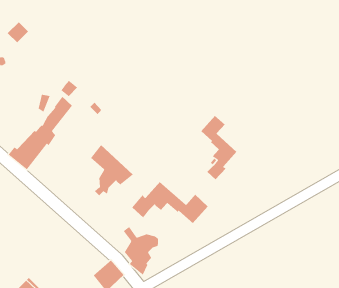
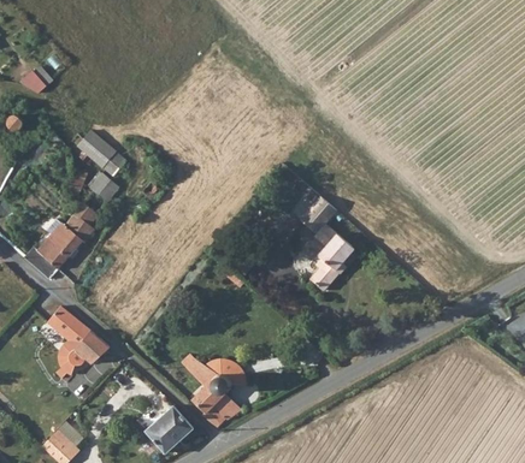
building: none -> [71,126,112,162]
building: [90,144,133,196] -> [48,304,111,379]
building: [131,181,208,224] -> none

